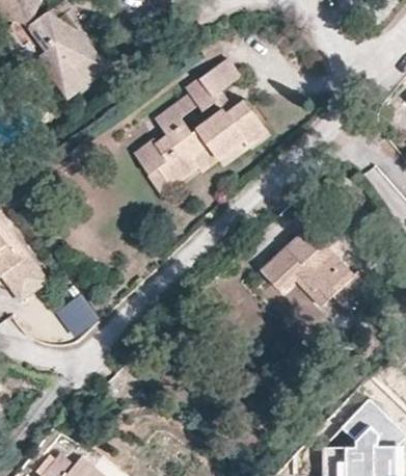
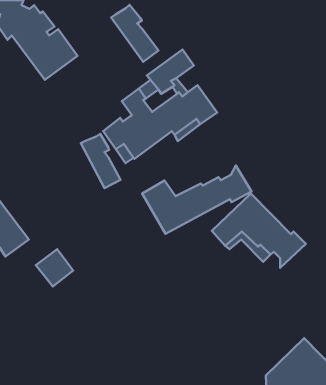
building: none -> [111,5,158,62]
building: none -> [81,134,120,188]
building: none -> [142,166,251,234]

